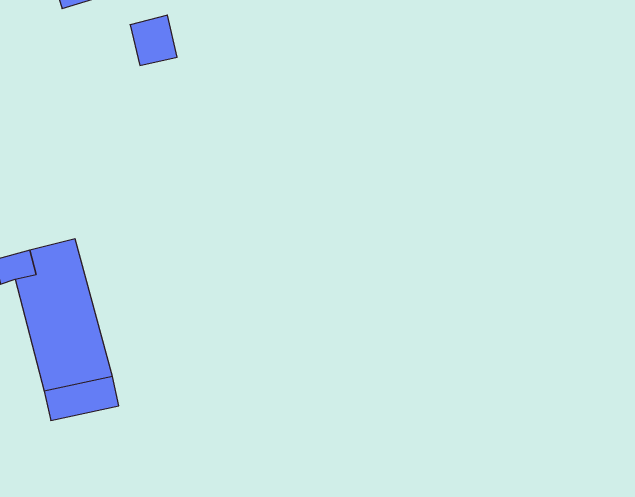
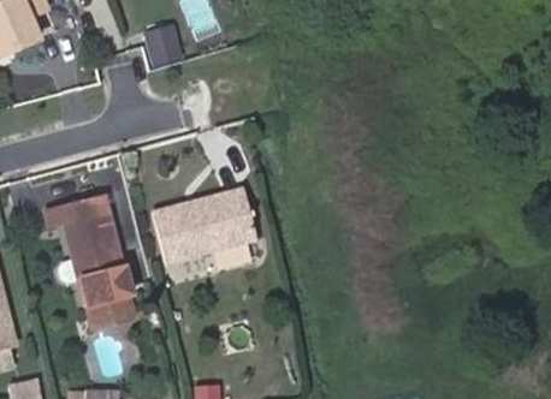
building: none -> [153,190,256,262]

